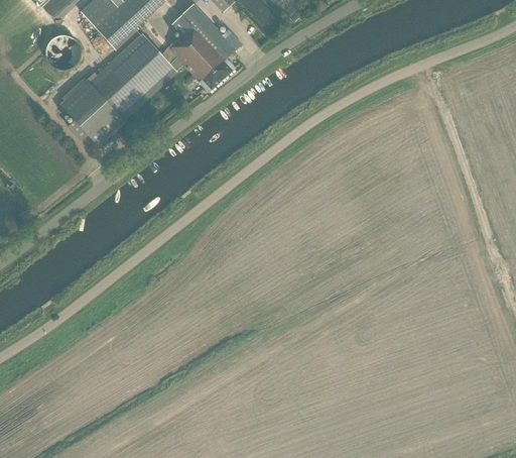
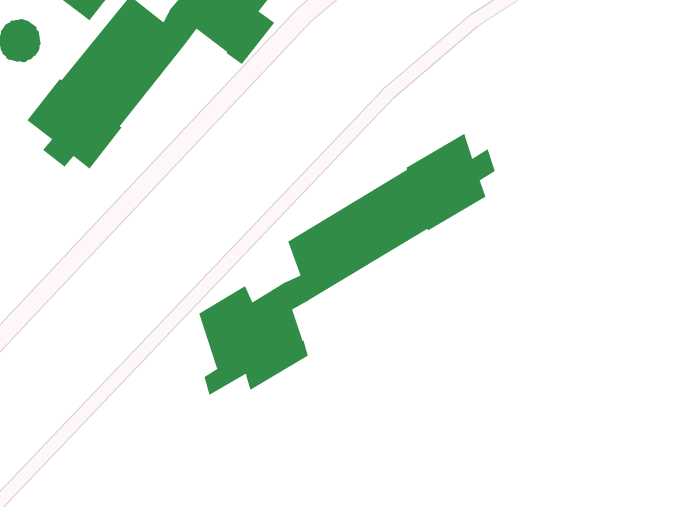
building: none -> [199,133,496,396]

